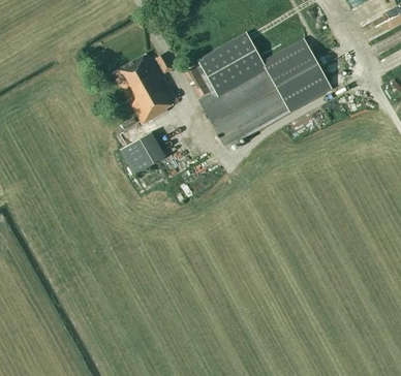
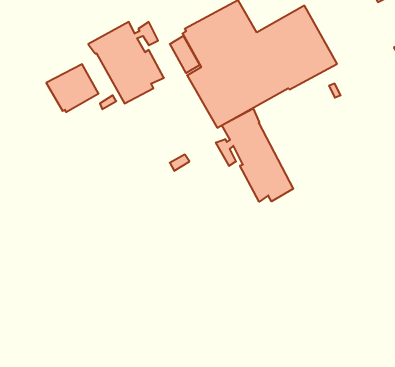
building: none -> [216,108,293,202]
building: [120,132,166,175] -> [46,64,99,112]

